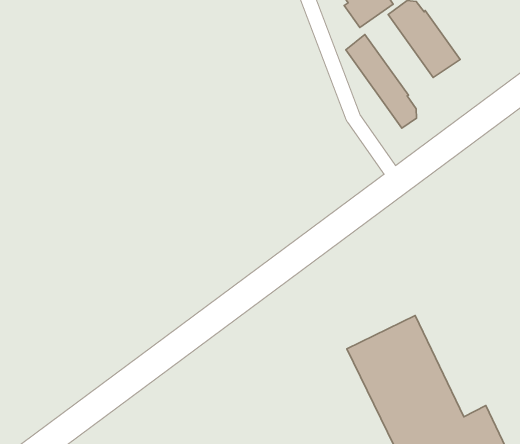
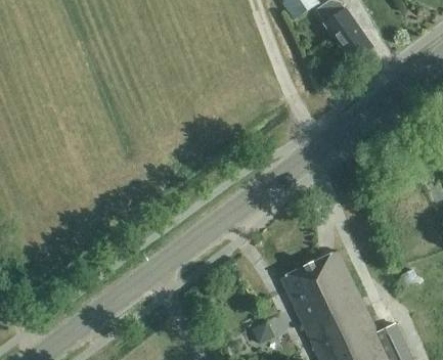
building: [346,35,417,128] -> none

